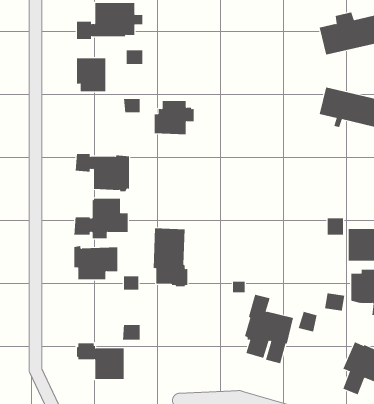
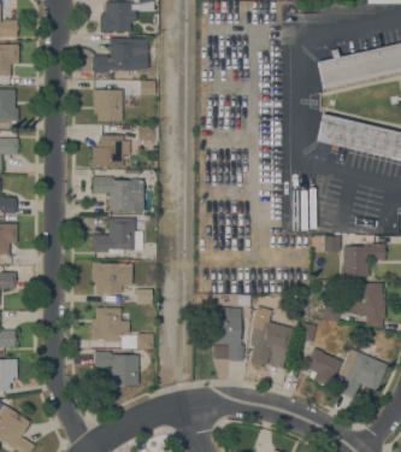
building: [154,101,195,135] -> [93,135,130,166]
building: [153,228,188,287] -> [211,307,243,362]
building: none -> [92,307,129,342]
building: none -> [305,347,342,387]

